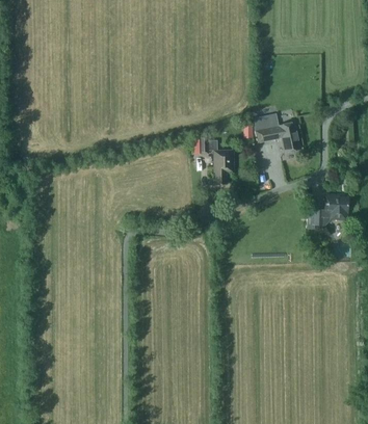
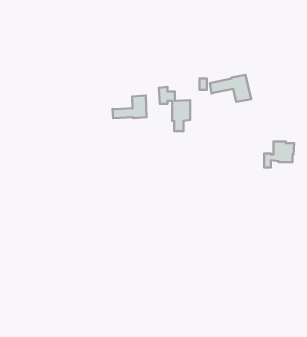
building: none -> [112,95,147,118]

